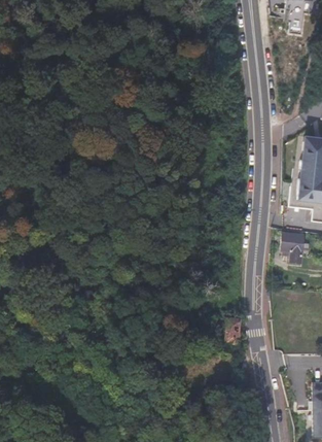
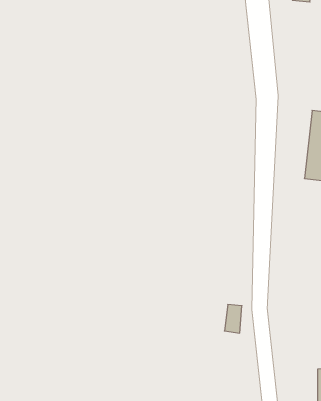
building: [281,232,310,263] -> none

